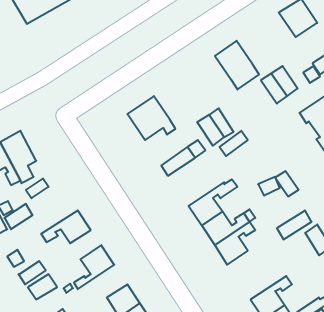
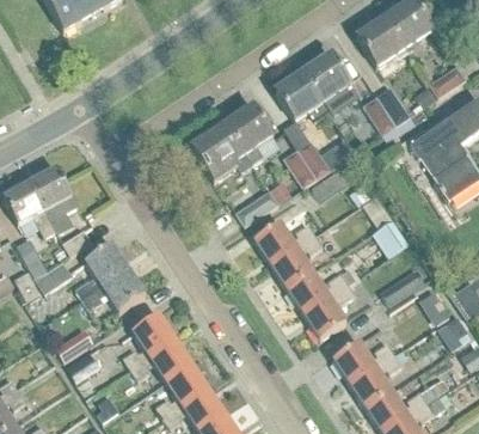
building: none -> [357,17,406,67]
building: none -> [276,72,324,120]
building: none -> [226,104,274,164]
building: none -> [253,221,315,263]
building: none -> [75,243,129,299]
building: none -> [129,338,192,381]
building: none -> [333,341,394,383]

